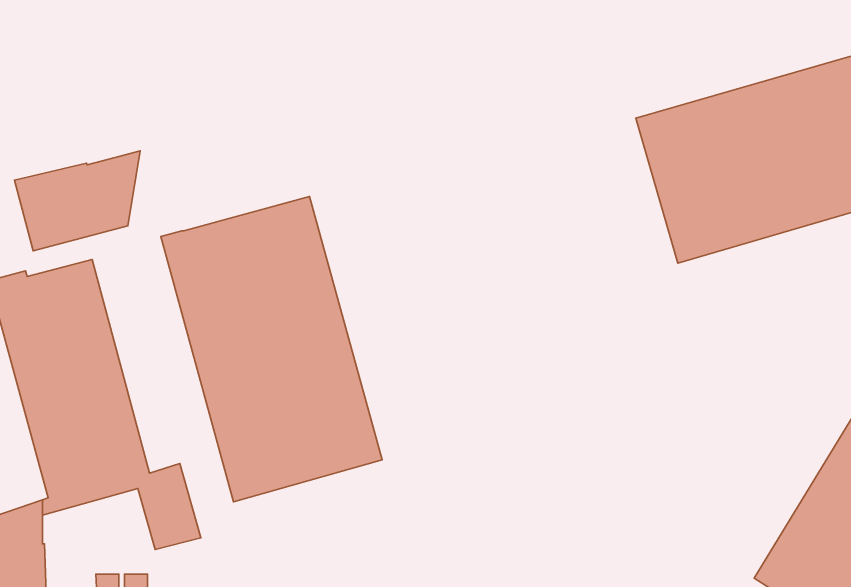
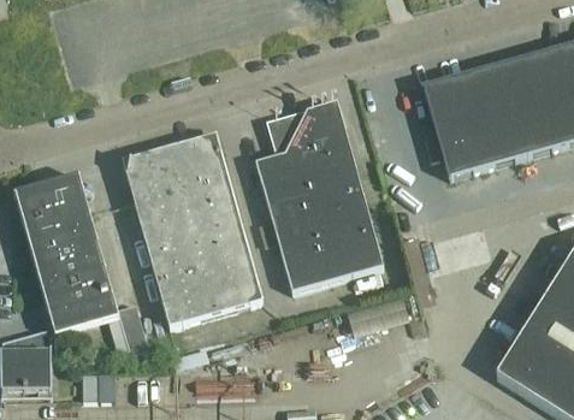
building: none -> [255,99,384,290]
building: [15,151,140,251] -> none

